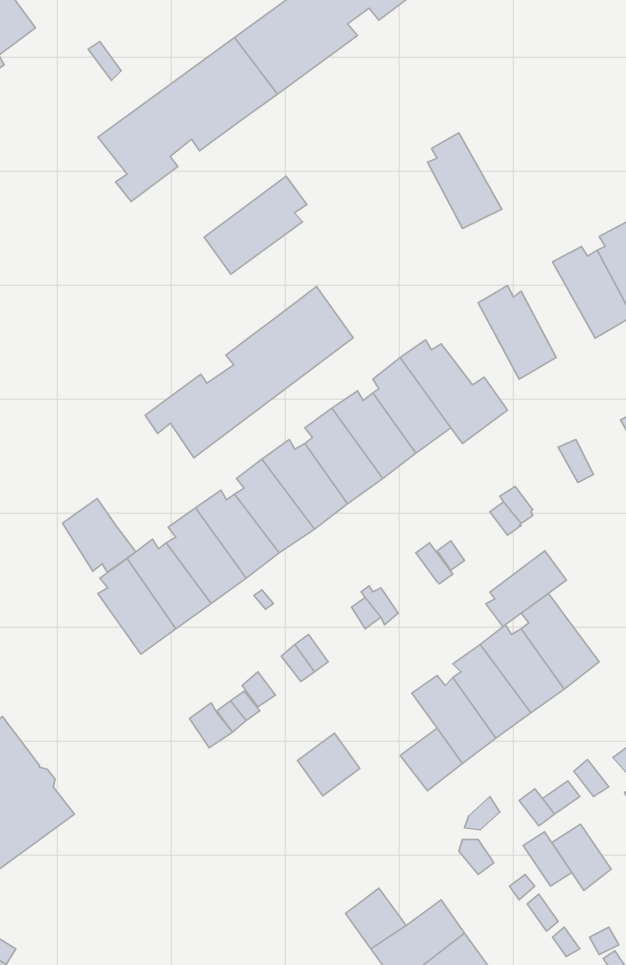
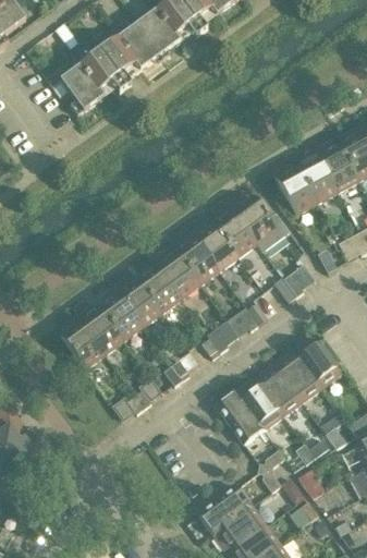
building: [428,133,502,229] -> [296,150,338,204]
building: [204,176,307,274] -> none
building: [145,287,353,458] -> none
building: [63,499,136,572] -> none
building: [486,551,567,626] -> none
building: [298,733,360,796] -> [215,391,249,426]
building: [552,824,611,891] -> none
building: none -> [217,486,252,521]

